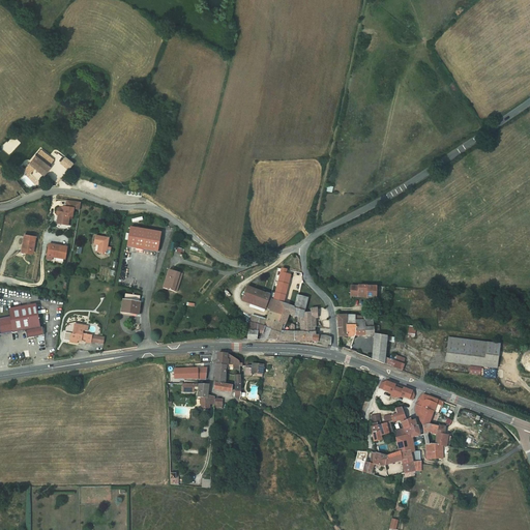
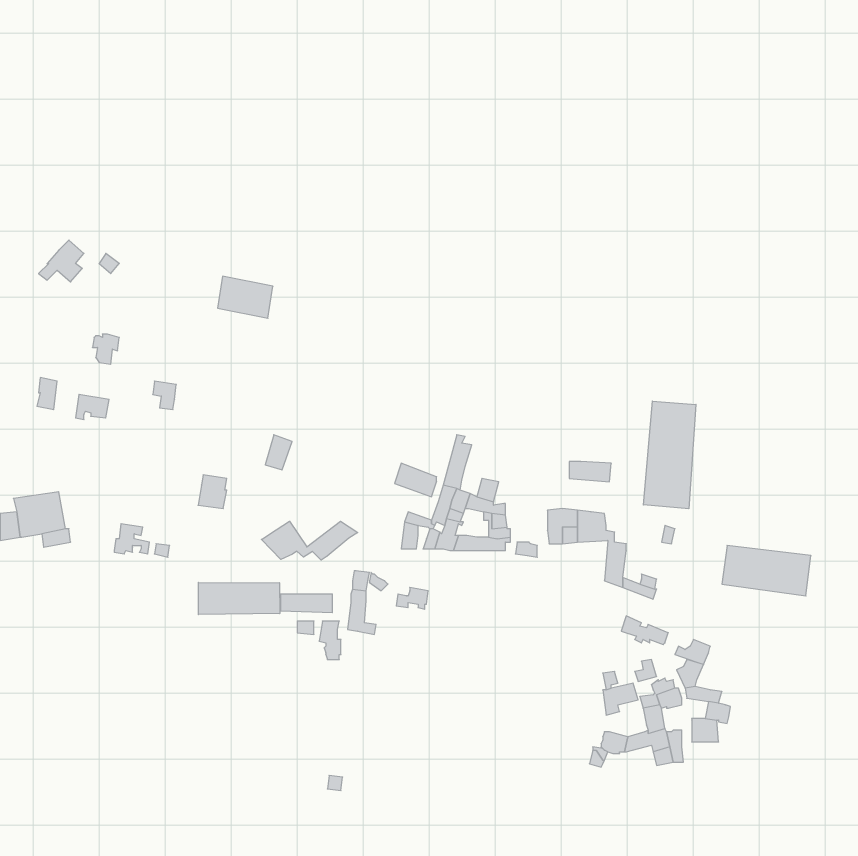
building: [127,226,161,252] -> [218,276,273,318]
building: none -> [643,401,696,509]
building: none -> [261,521,358,560]
building: none -> [198,582,280,615]

